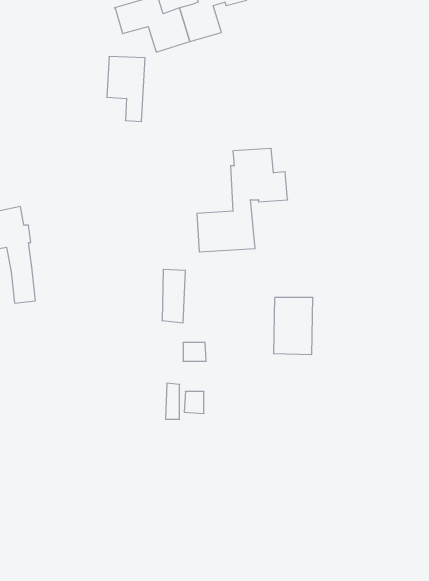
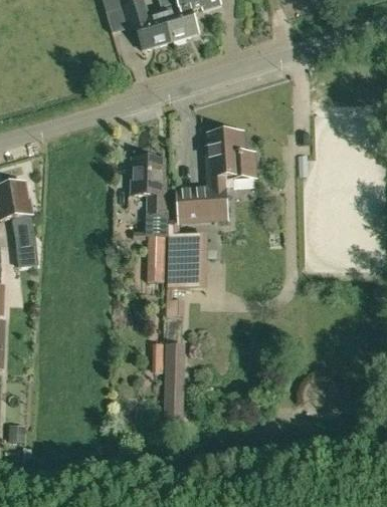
building: [107,57,145,122] -> [131,158,164,214]
building: [273,298,313,355] -> [167,240,201,289]
building: none -> [163,368,185,410]

